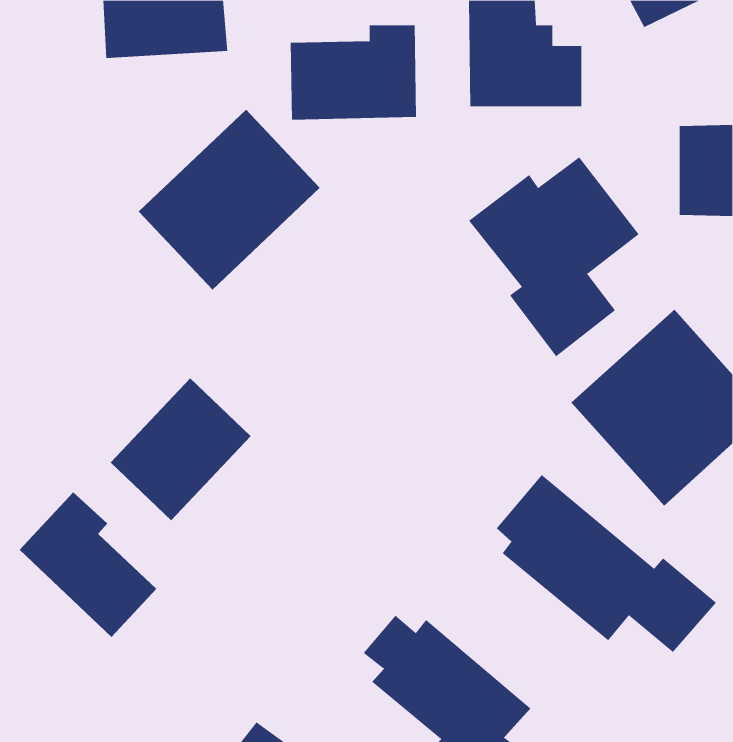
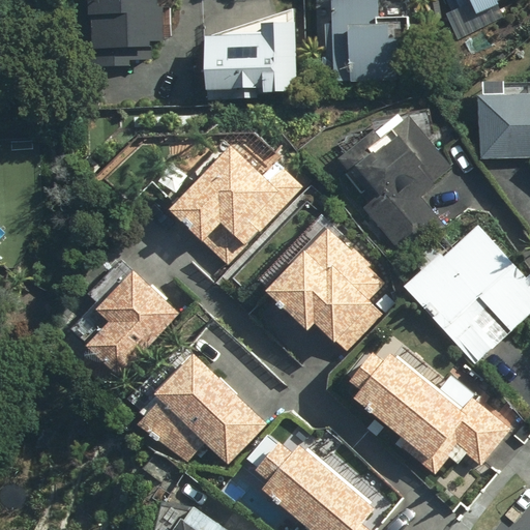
building: [138,109,321,290] -> [170,139,299,267]
building: none -> [271,230,382,352]
building: [19,491,157,638] -> none
building: none -> [136,352,265,464]

